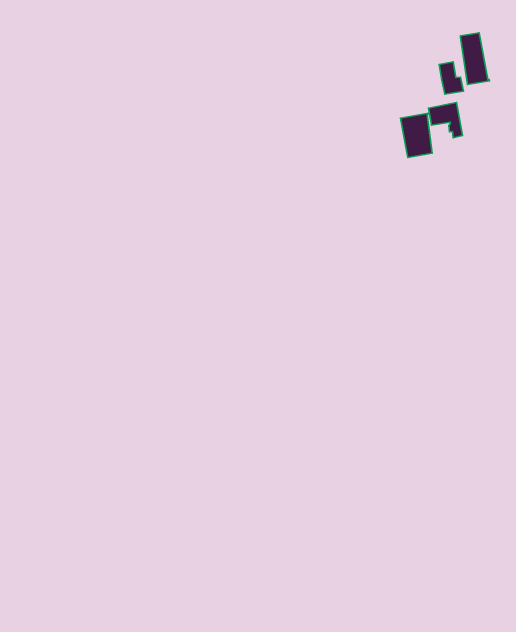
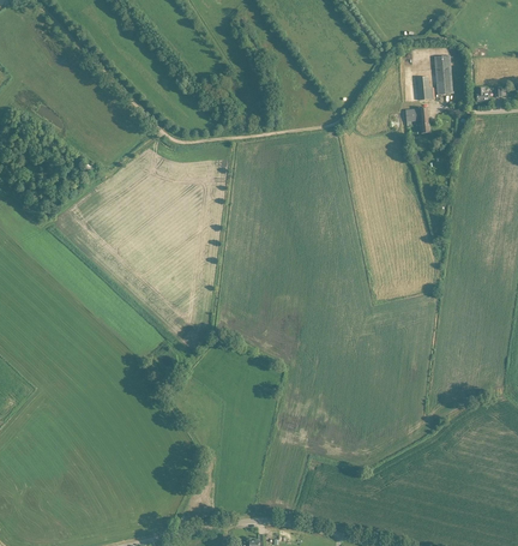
building: [400,113,432,157] -> none

